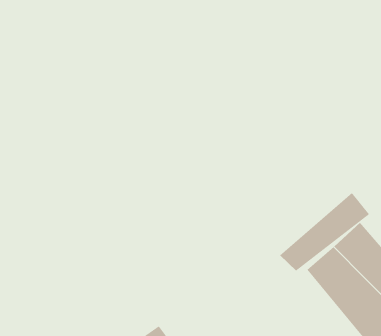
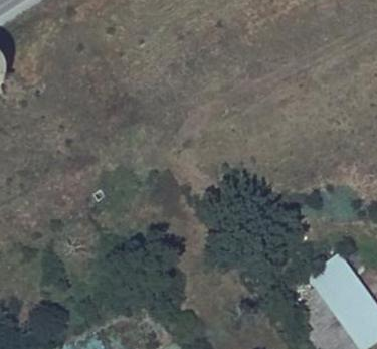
building: [279,192,370,272] -> none

